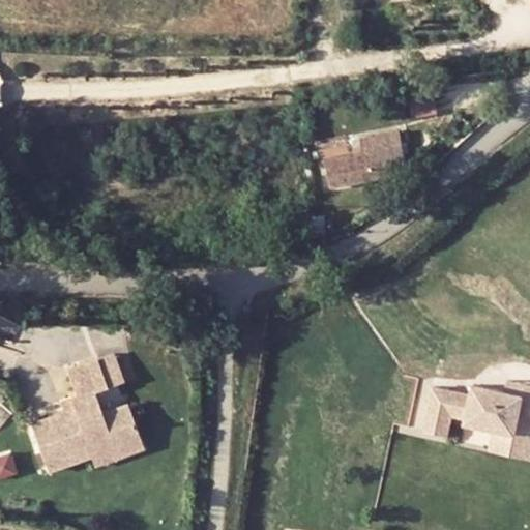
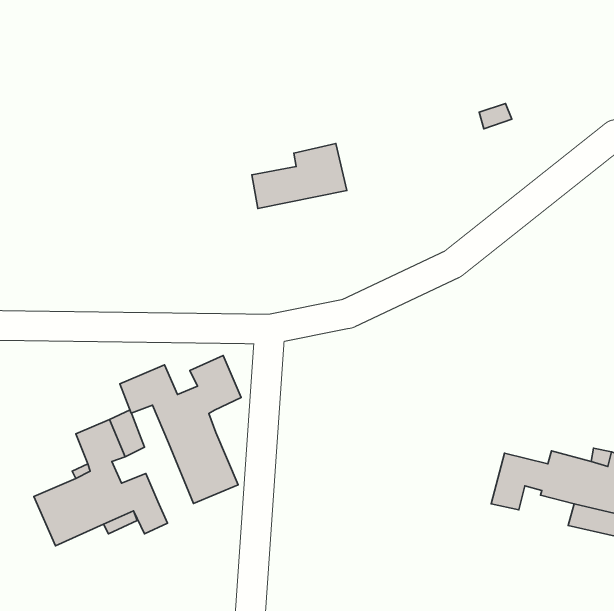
building: [326,126,408,182] -> [252,144,347,209]
building: none -> [120,356,241,504]

